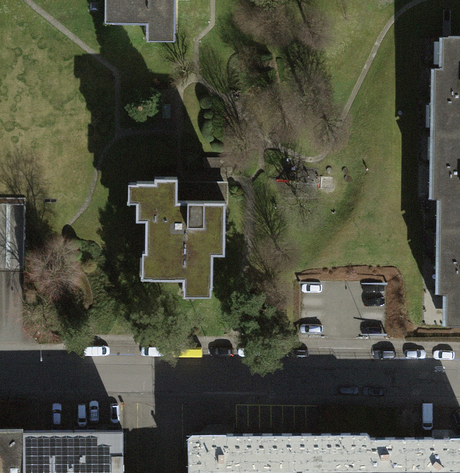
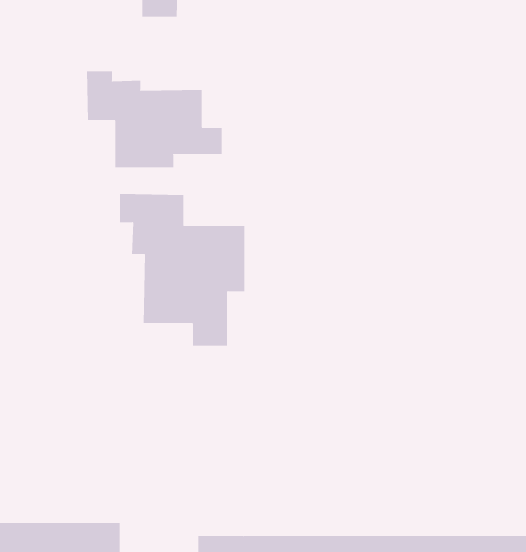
building: none -> [86,71,222,168]

